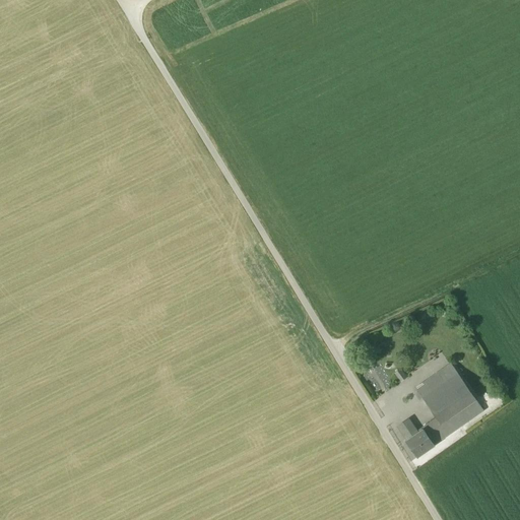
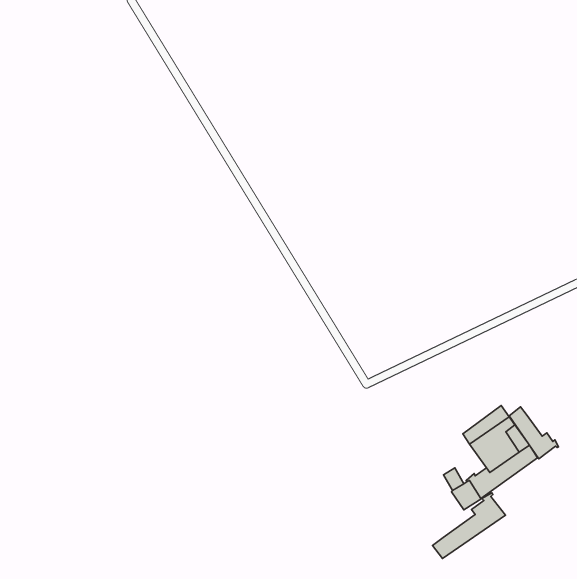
building: none -> [509,407,558,459]
building: none -> [432,493,505,558]

